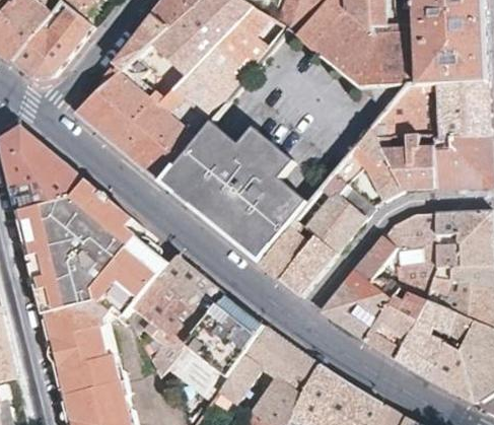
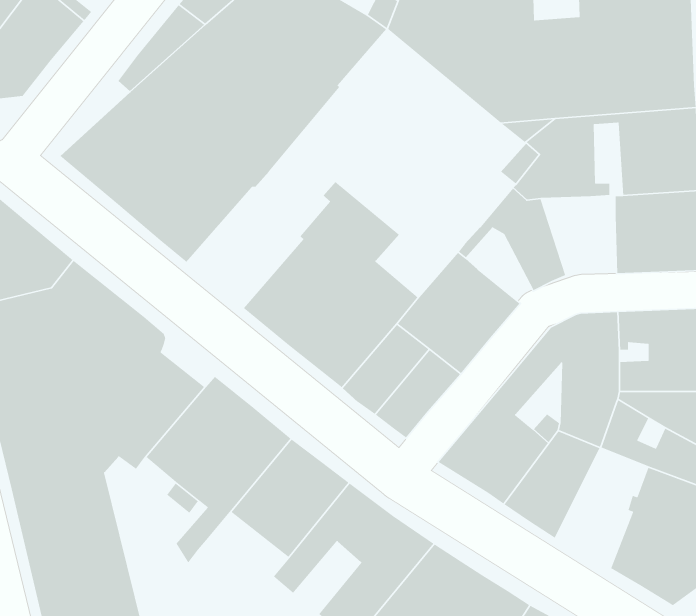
building: [157,122,250,210] -> none
building: [386,138,435,189] -> none
building: [396,300,455,378] -> none
building: [165,342,223,396] -> none

